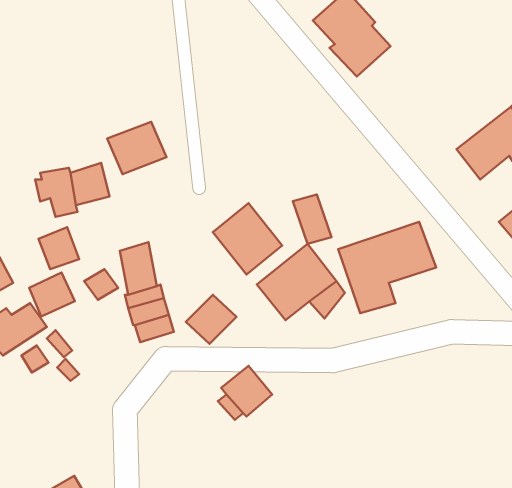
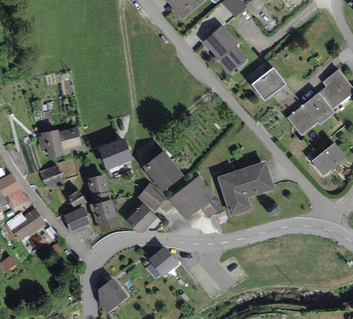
building: none -> [251,67,285,100]
building: [107,122,166,174] -> [98,138,133,169]
building: [293,195,331,244] -> none
building: none -> [138,182,167,210]
building: [29,273,75,317] -> [64,206,91,232]
building: none -> [98,277,128,313]

